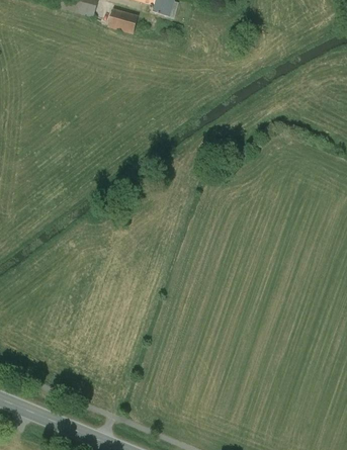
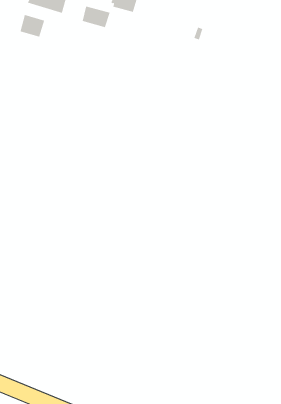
building: none -> [20,14,45,37]

